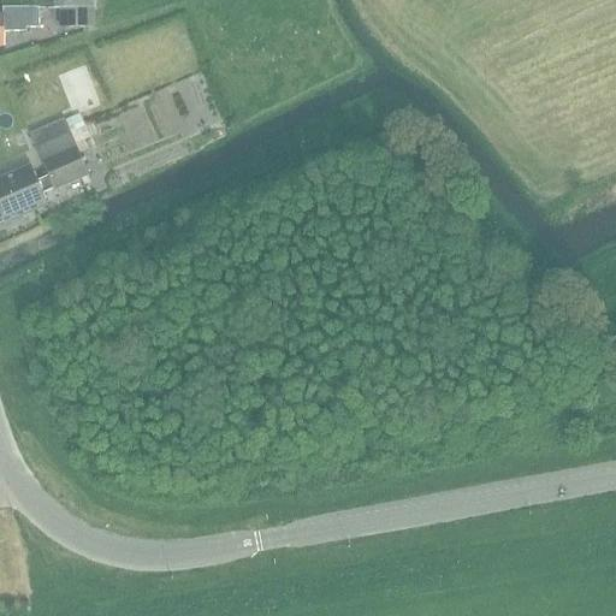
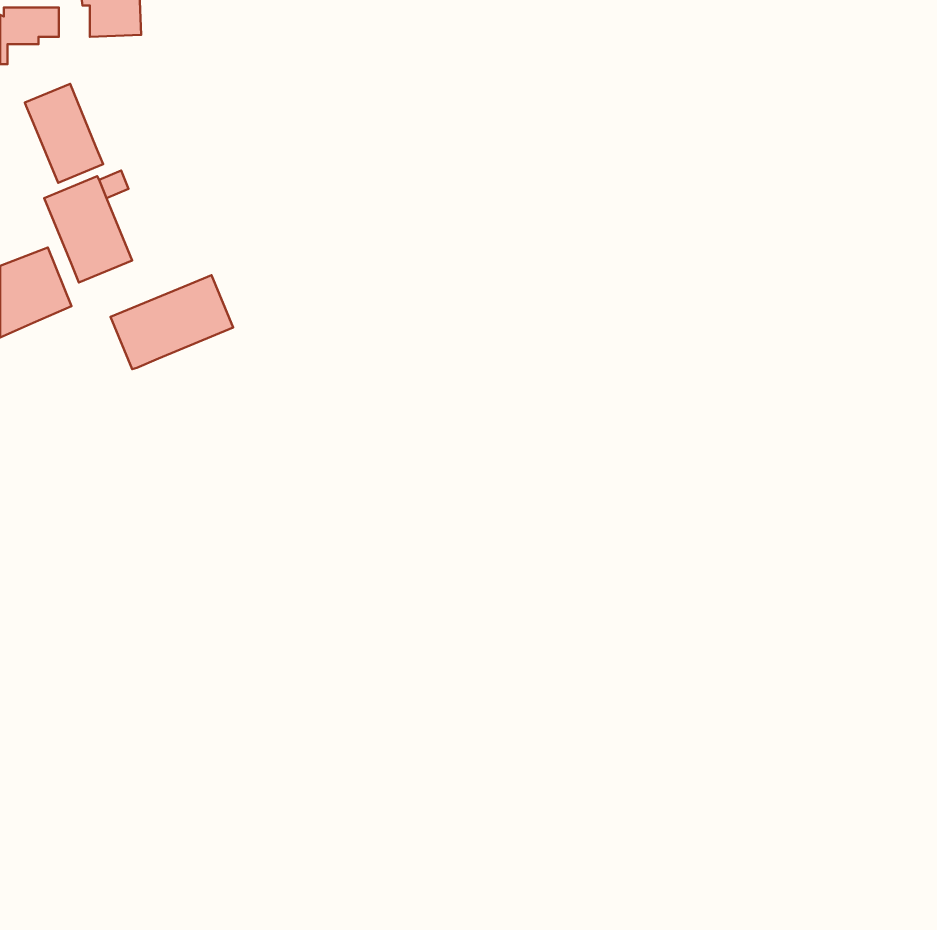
building: none -> [25,84,103,183]
building: none -> [111,275,233,369]

